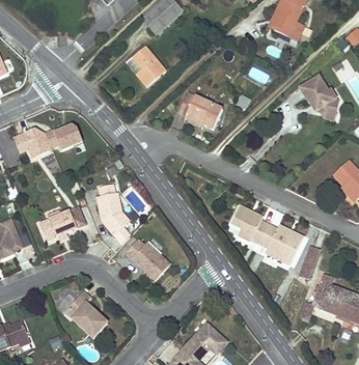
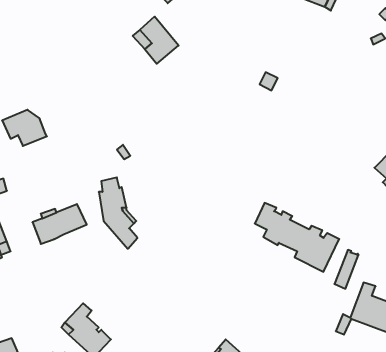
building: [299,76,337,115] -> none
building: [178,92,222,129] -> none
building: [46,124,82,149] -> none
building: [125,238,169,280] -> none

